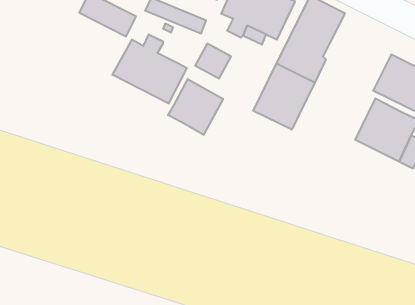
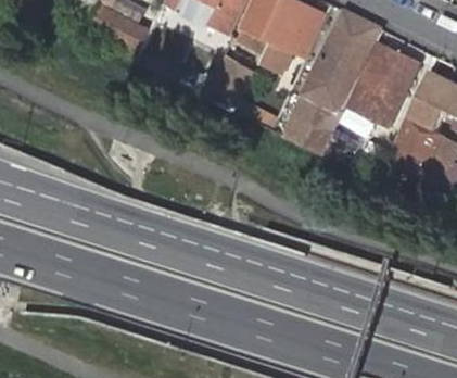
building: none -> [347,43,418,124]
building: [112,34,187,104] -> none
building: [168,79,223,135] -> none

